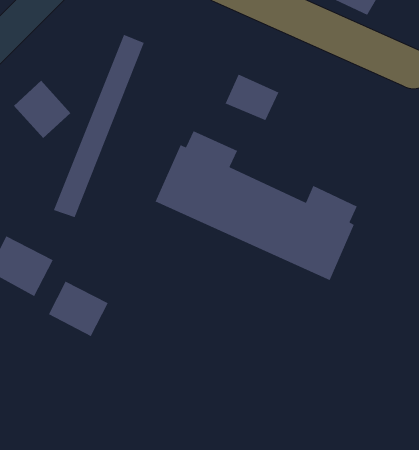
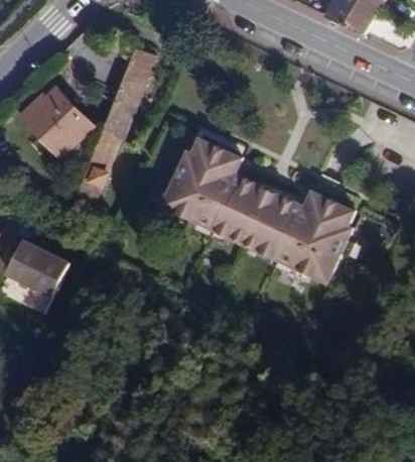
building: [225,74,279,121] -> none
building: [48,280,109,337] -> none

